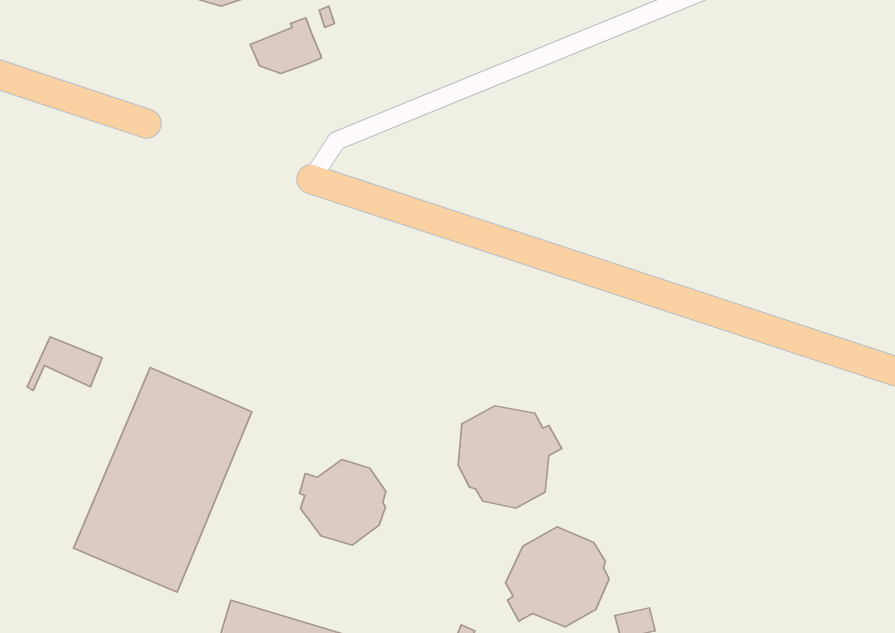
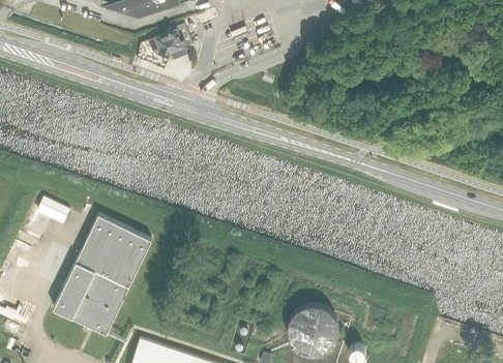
building: [458,406,562,508] -> none
building: [299,460,386,545] -> none

